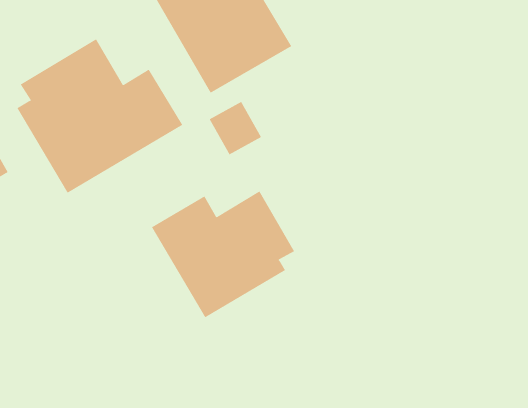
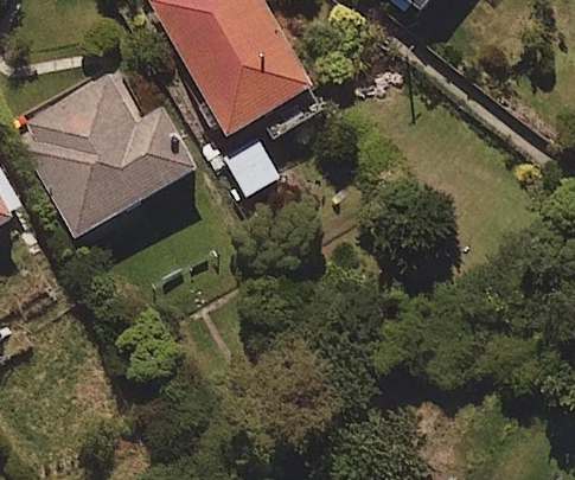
building: [151,191,295,318] -> none

